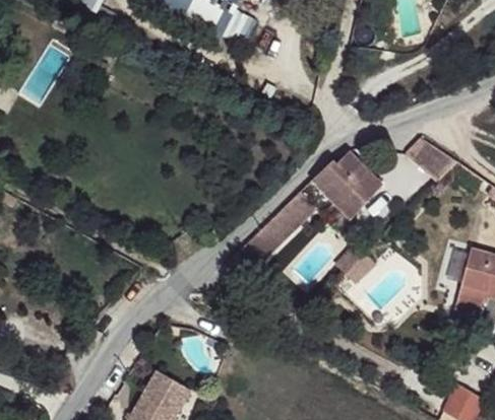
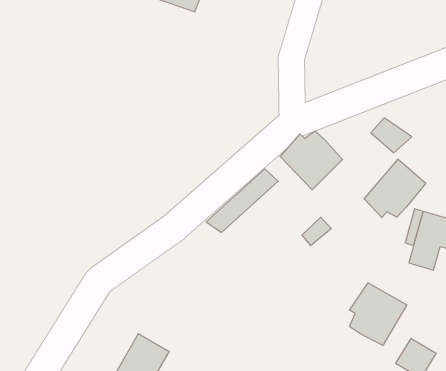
building: none -> [364,159,426,218]
building: none -> [350,283,407,345]

